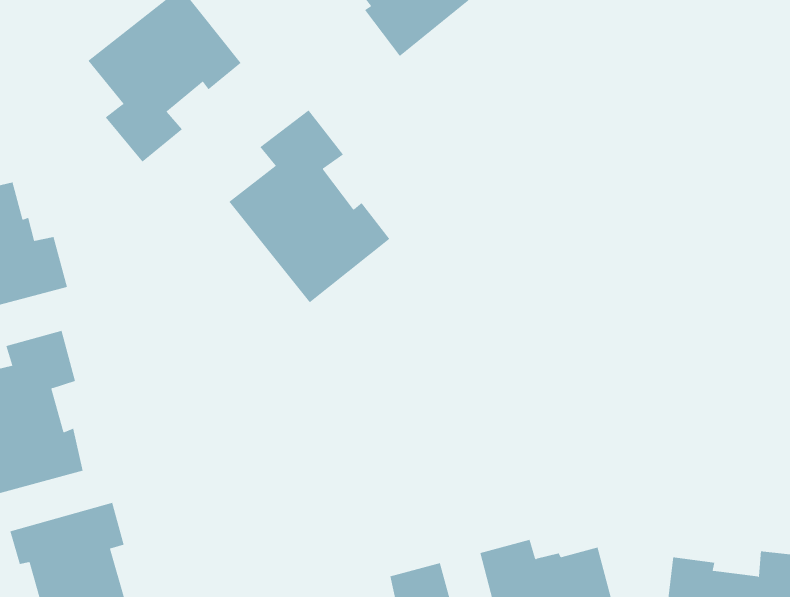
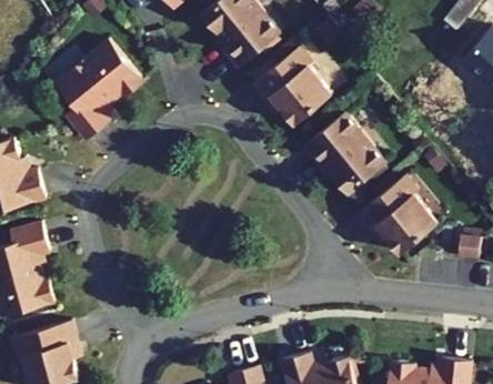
building: none -> [251,52,331,130]
building: [229,109,390,303] -> none
building: none -> [302,115,385,196]
building: none -> [360,171,439,250]

